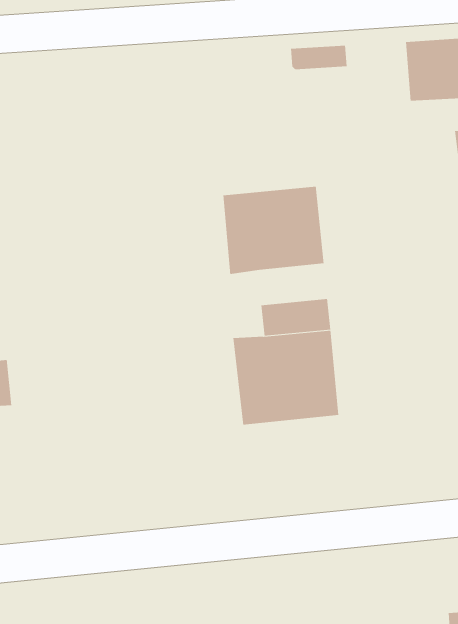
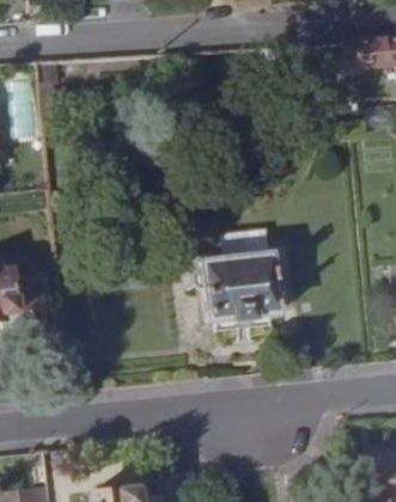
building: [223,186,324,275] -> none

